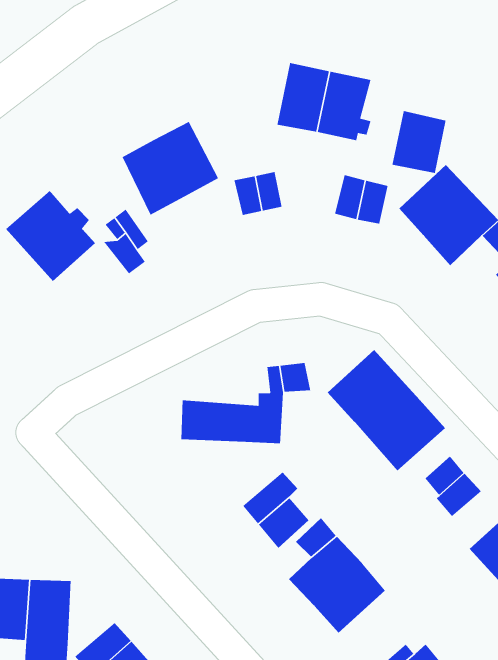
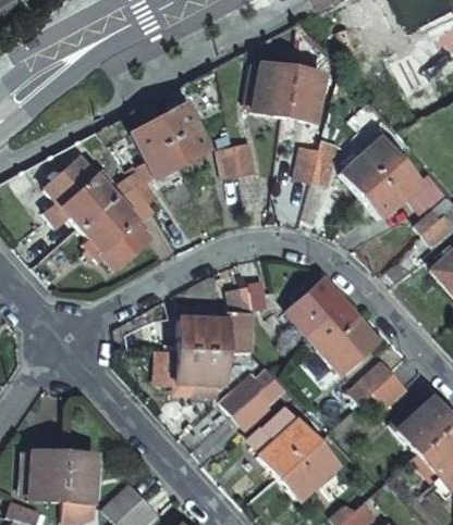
building: [392,110,446,174] -> none
building: none -> [81,198,148,266]
building: none -> [158,346,226,390]

